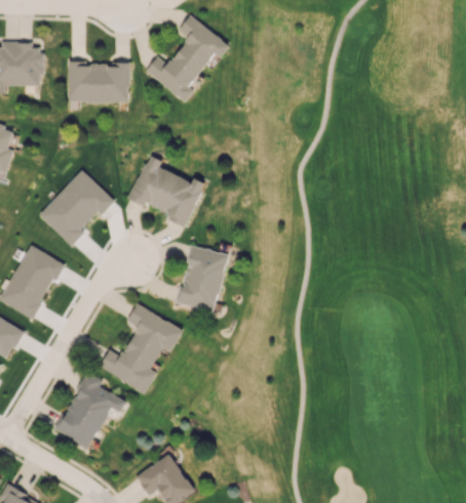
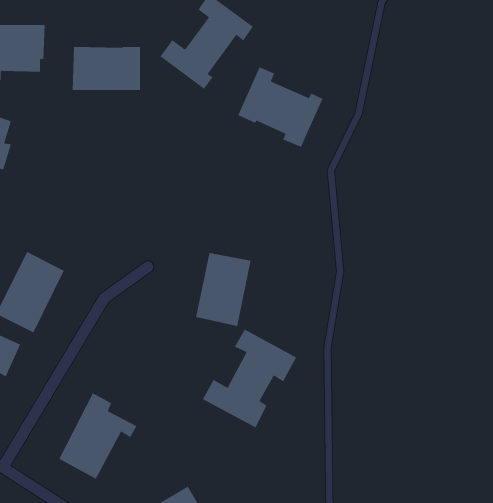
building: [128,155,205,227] -> [237,66,324,148]
building: [39,170,115,247] -> none
building: [99,304,184,393] -> [202,328,297,428]

